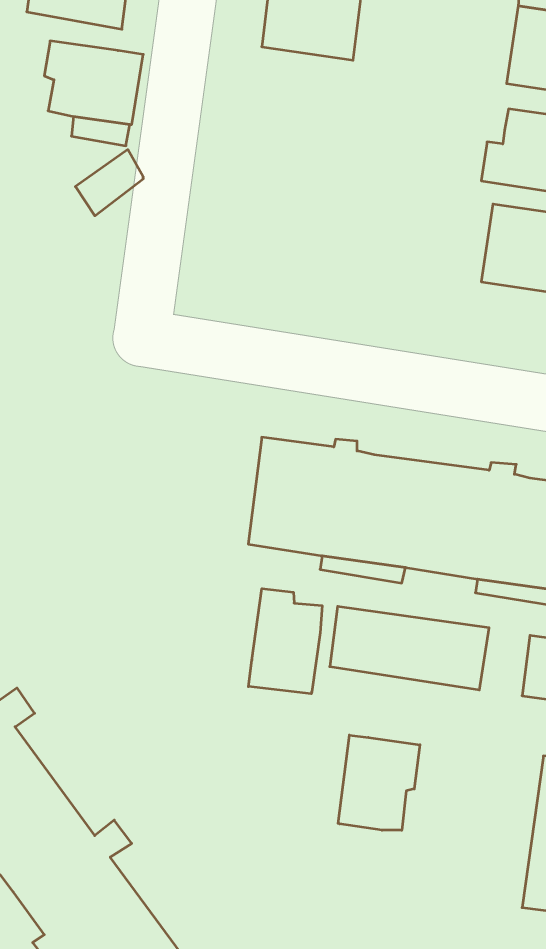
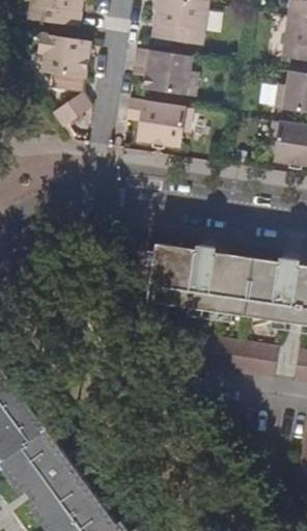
building: none -> [137,46,201,95]
building: none -> [128,96,195,145]
building: [248,589,322,694] -> none
building: [338,735,420,830] -> none

